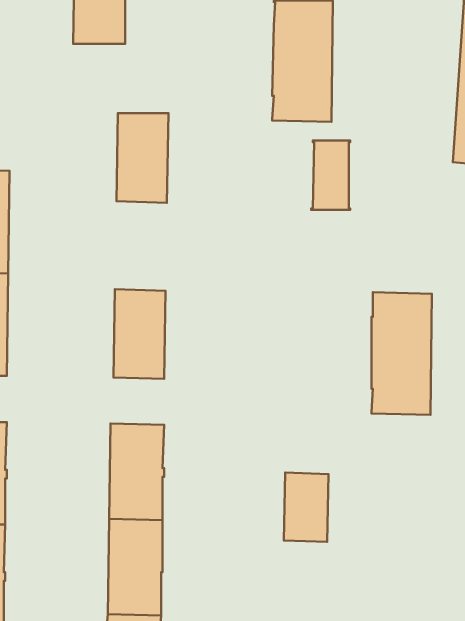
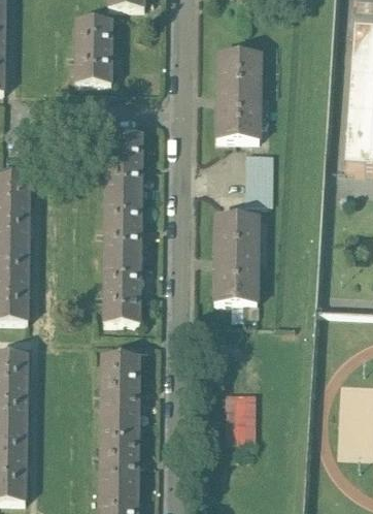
building: none -> [105,193,142,257]
building: [371,292,432,415] -> [215,212,259,299]

